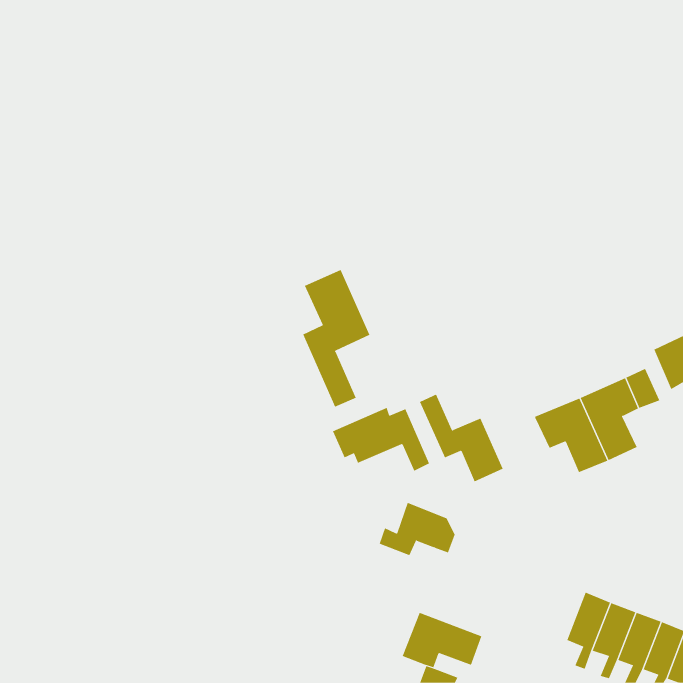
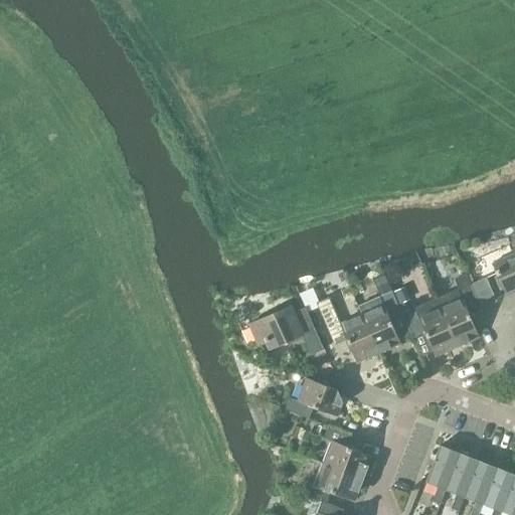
building: [303,269,370,407] -> none
building: none -> [358,290,402,352]
building: none -> [316,425,372,478]

